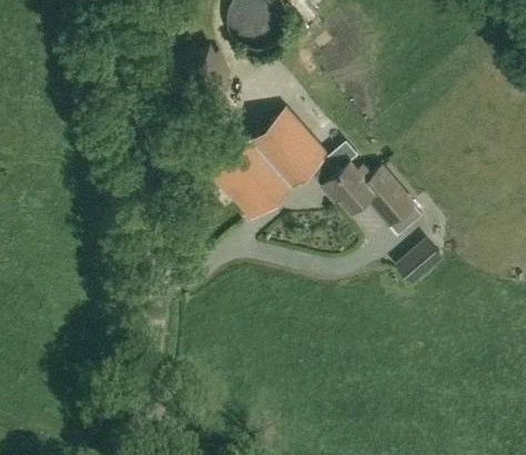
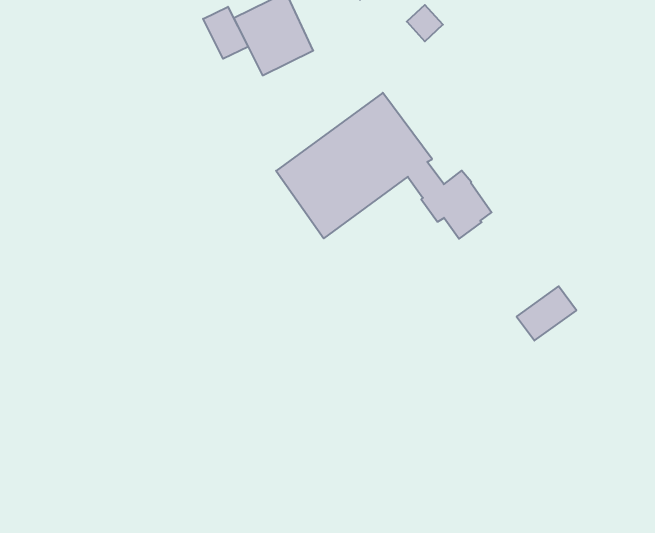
building: none -> [203,7,248,59]
building: [356,166,422,235] -> none

